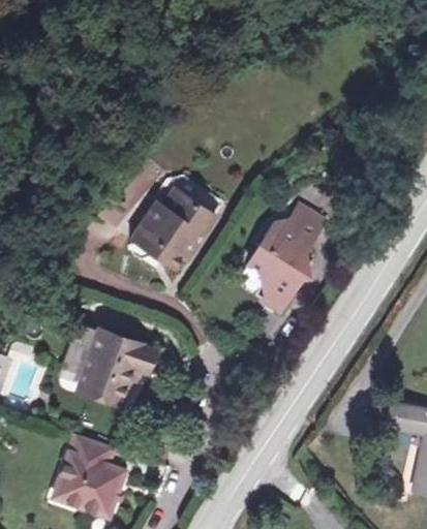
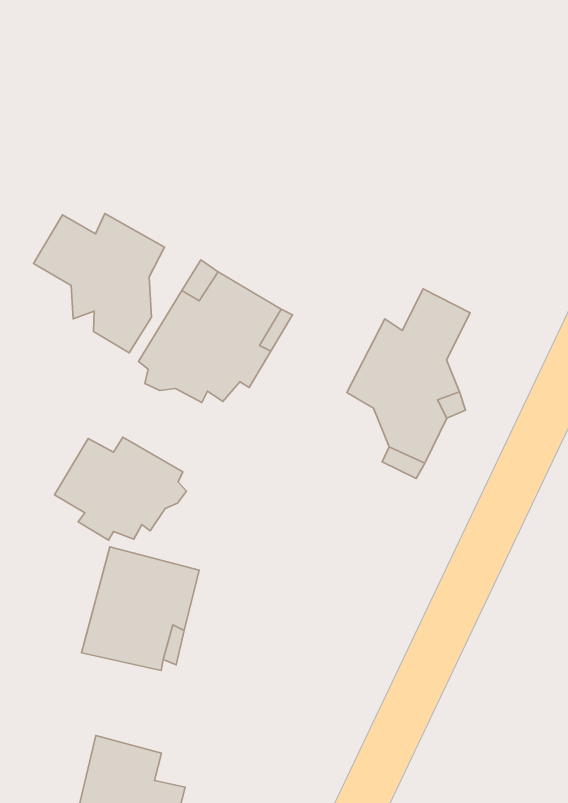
building: none -> [34,214,164,353]
building: none -> [54,437,186,540]

